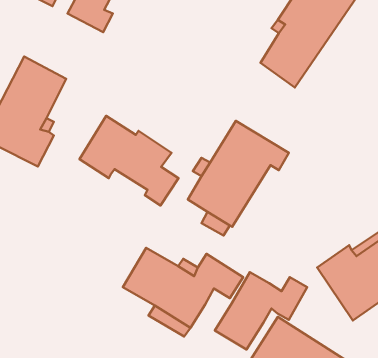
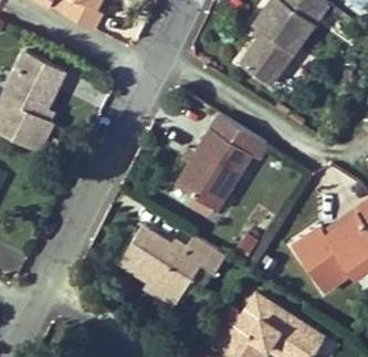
building: [79,116,178,205] -> none
building: [215,272,307,350] -> none

